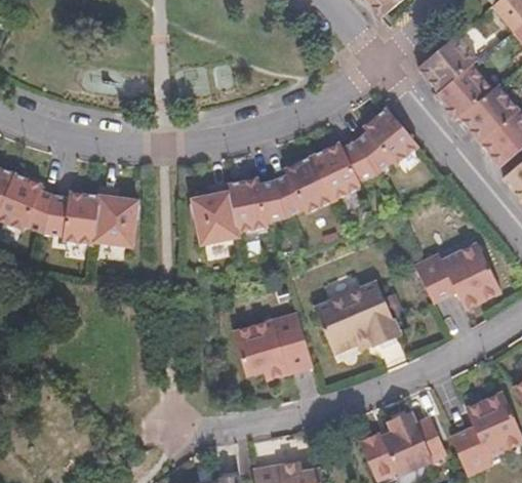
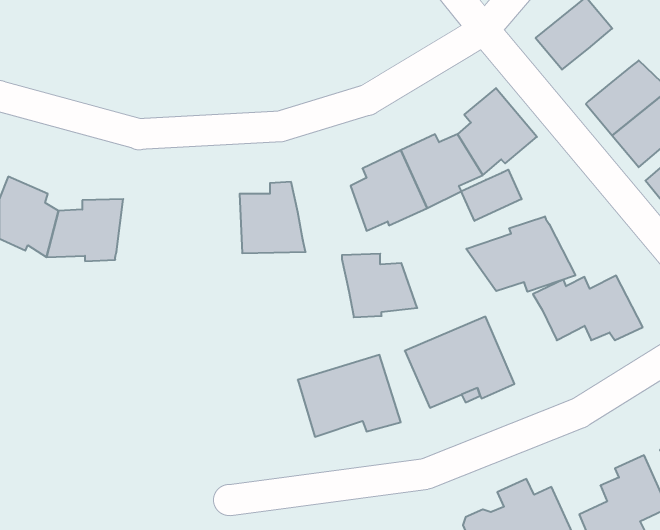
building: [435,65,492,120] -> none
building: none -> [461,170,522,221]
building: [228,175,286,225] -> [342,254,417,317]
building: [91,184,136,238] -> none
building: none -> [466,216,575,292]

